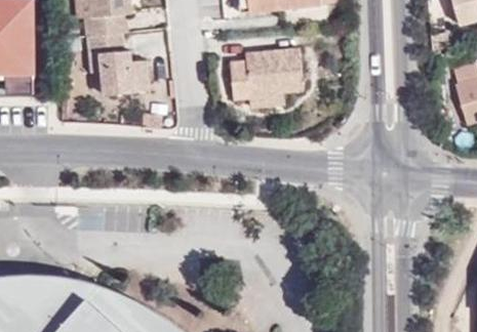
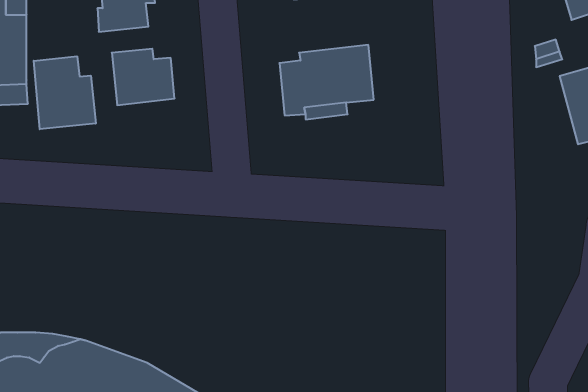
building: none -> [34,56,96,129]

